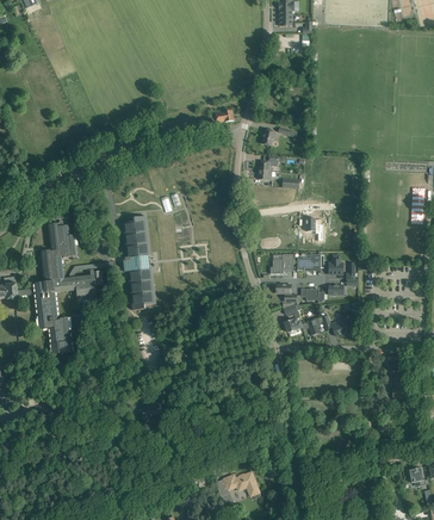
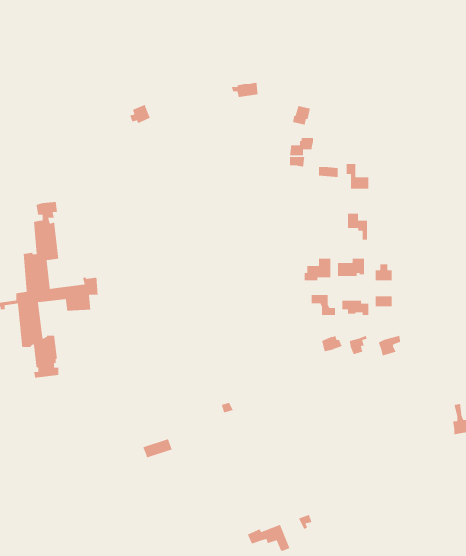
building: [123,216,155,310] -> none

